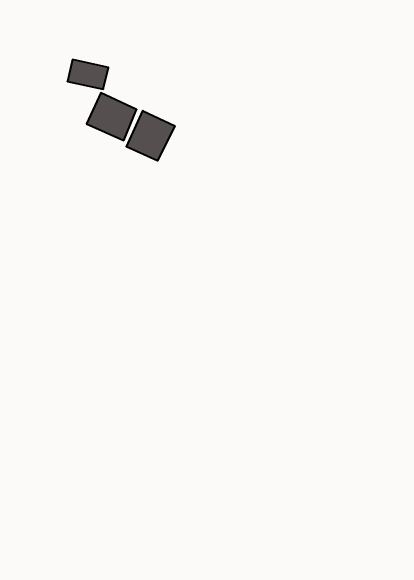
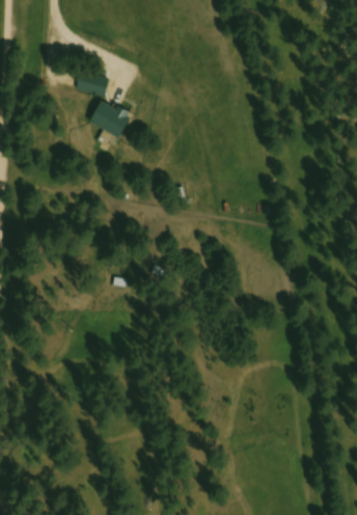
building: [126,111,175,161] -> none

